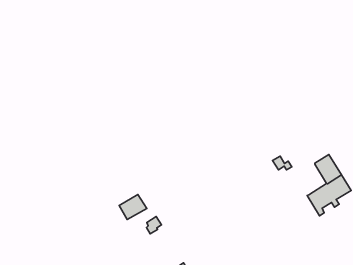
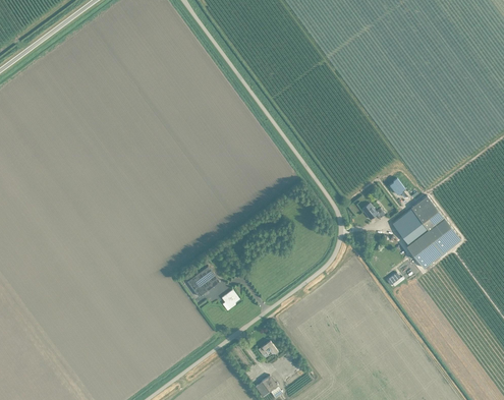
building: none -> [392,209,428,245]

